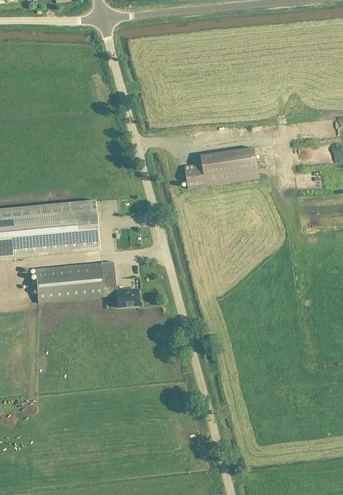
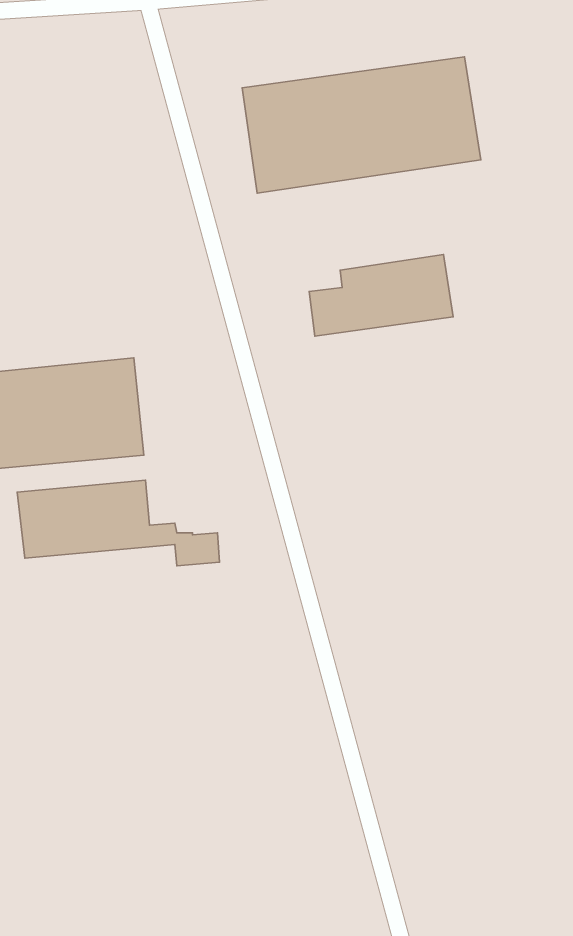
building: none -> [242,57,481,193]

